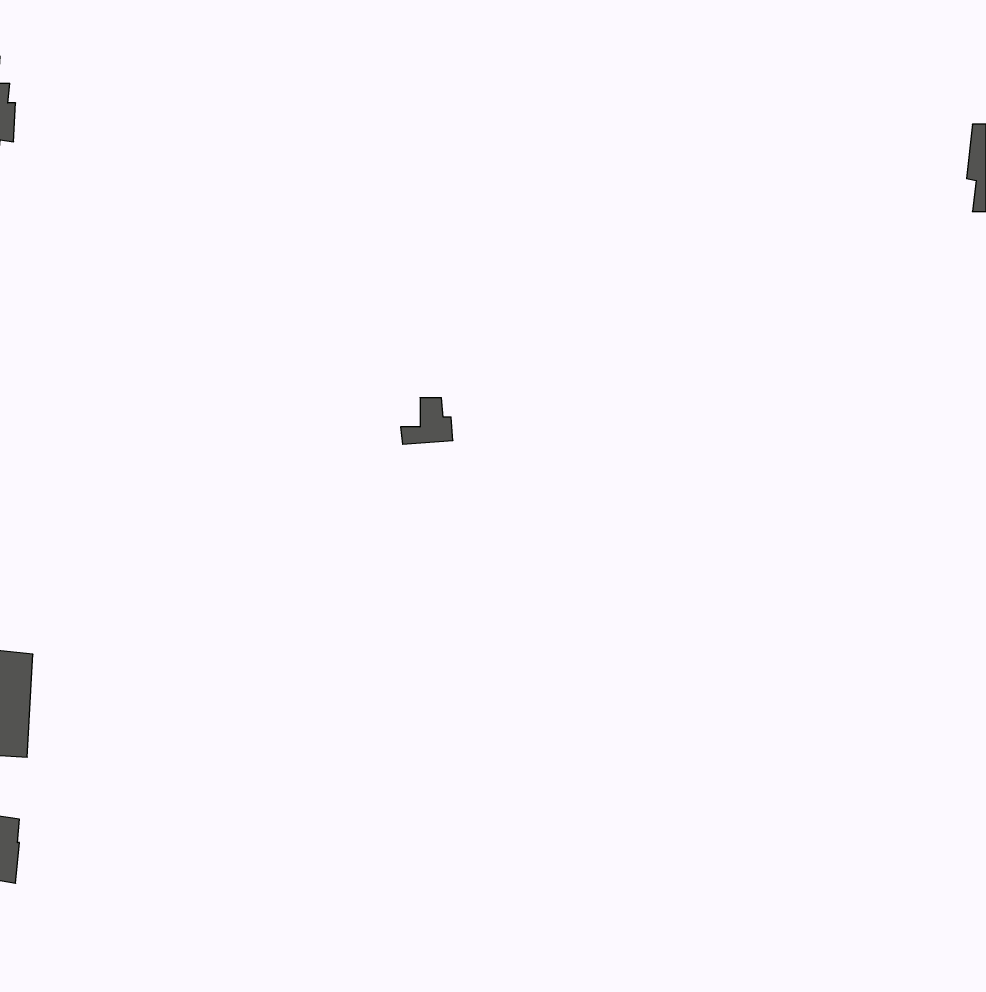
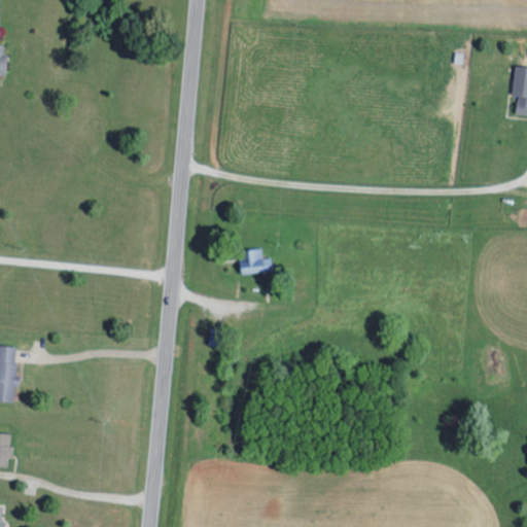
building: [401,398,453,444] -> [240,249,268,274]

